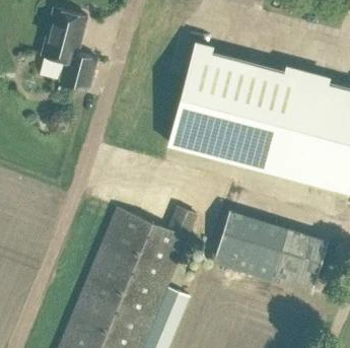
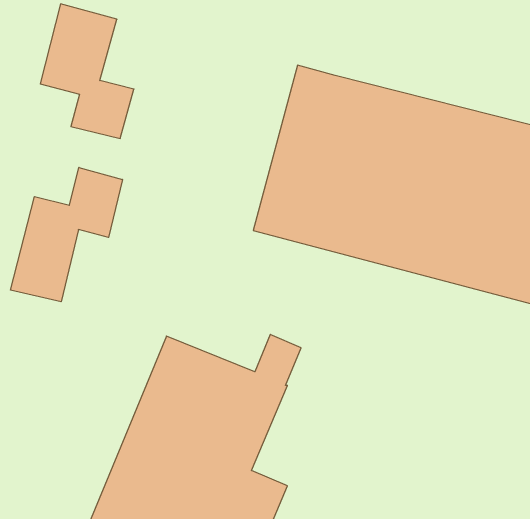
building: none -> [11,167,122,302]
building: [213,211,328,293] -> none

